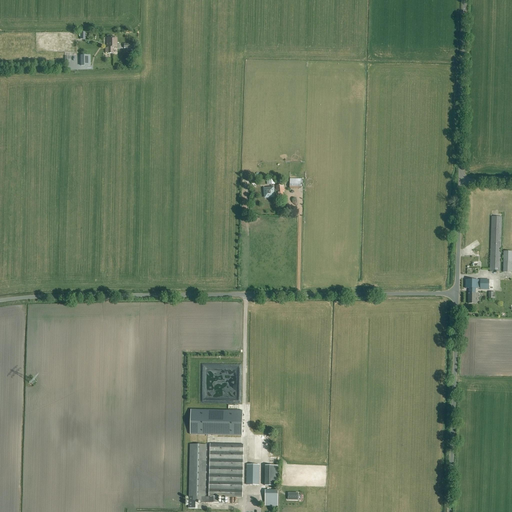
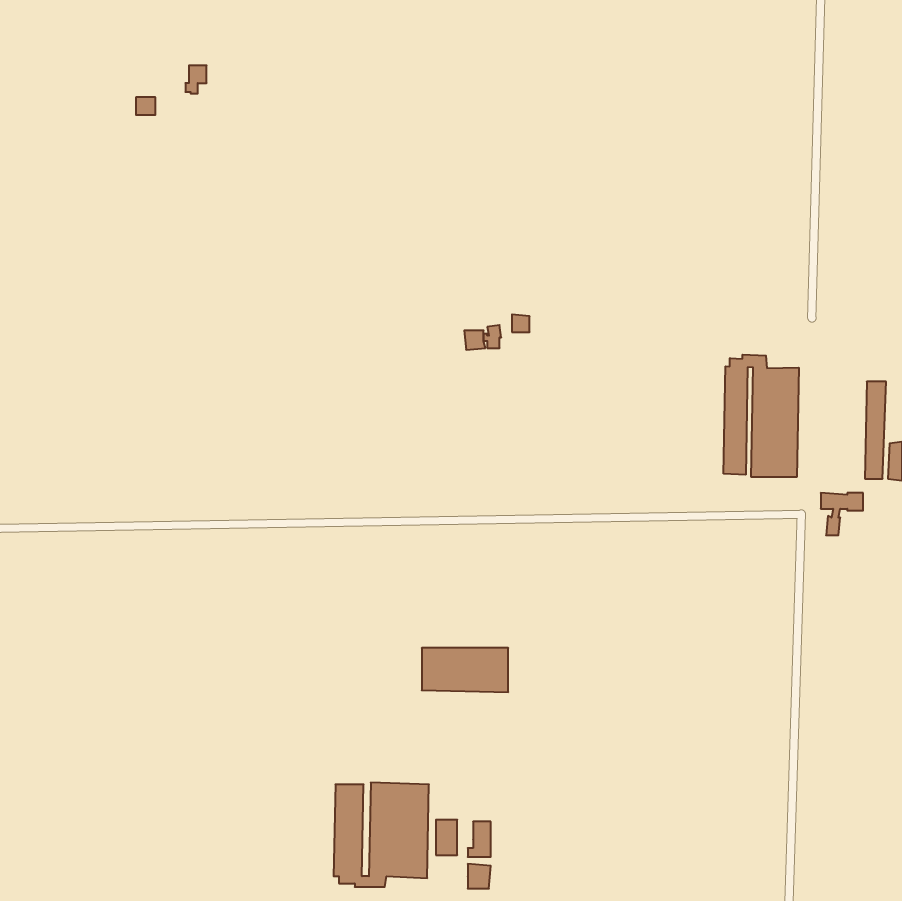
building: none -> [724,355,799,477]
building: [190,409,239,434] -> [422,648,508,692]

